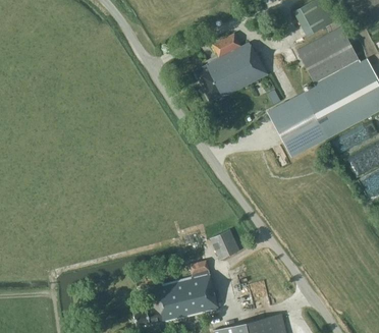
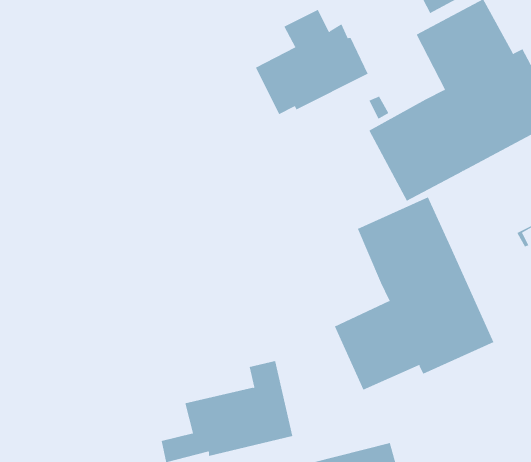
building: none -> [334,196,494,390]
building: [210,230,239,260] -> none

